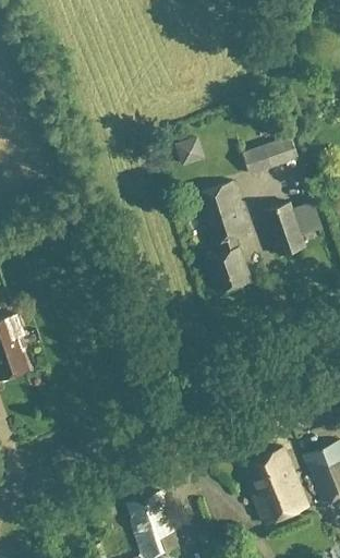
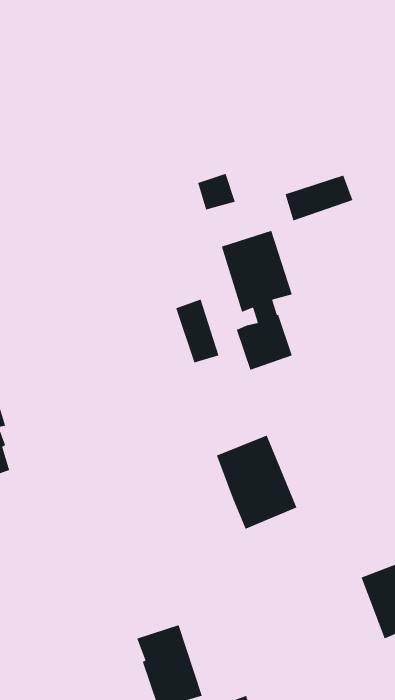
building: [265,201,325,255] -> none
building: none -> [175,298,220,363]
building: [244,449,308,524] -> [216,434,298,530]

